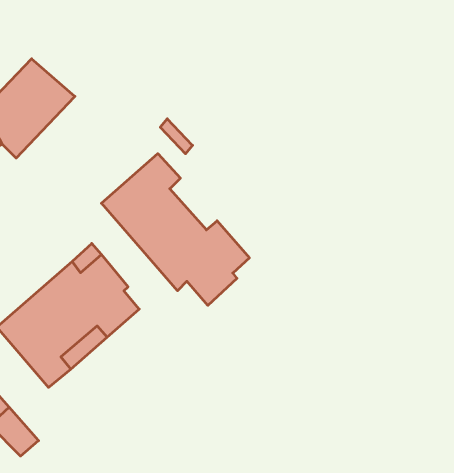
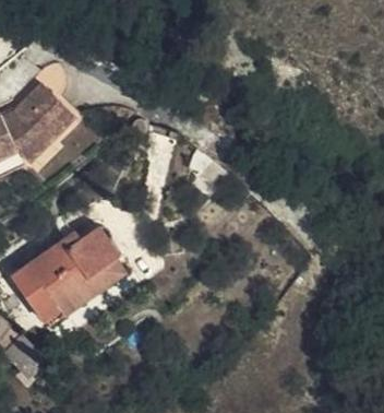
building: [101,154,249,305] -> none

